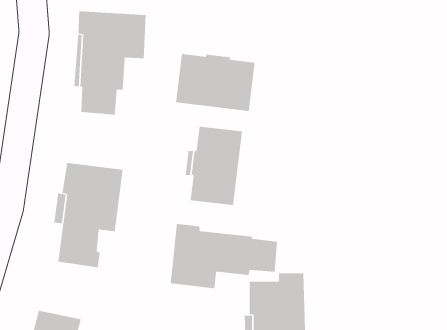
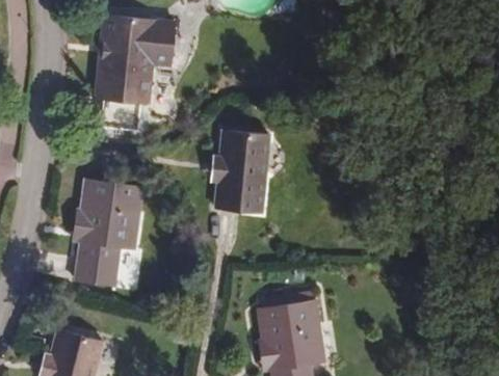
building: [175,53,255,112] -> none
building: [170,223,278,289] -> none

